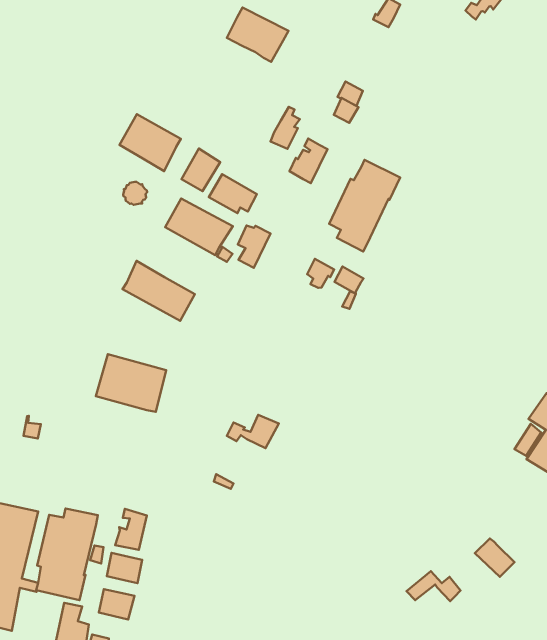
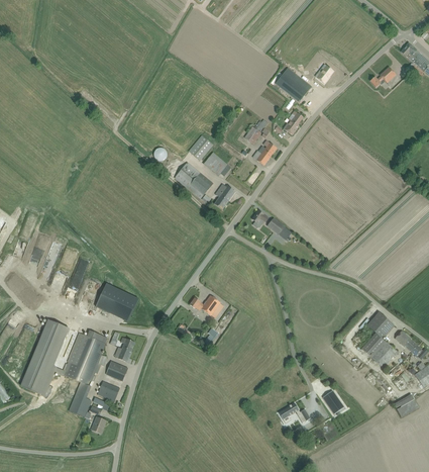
building: [227,7,288,62] -> [276,68,312,102]
building: [120,114,181,171] -> none
building: [329,160,400,252] -> none
building: [123,261,195,321] -> none
building: [96,354,166,412] -> [95,283,138,321]

